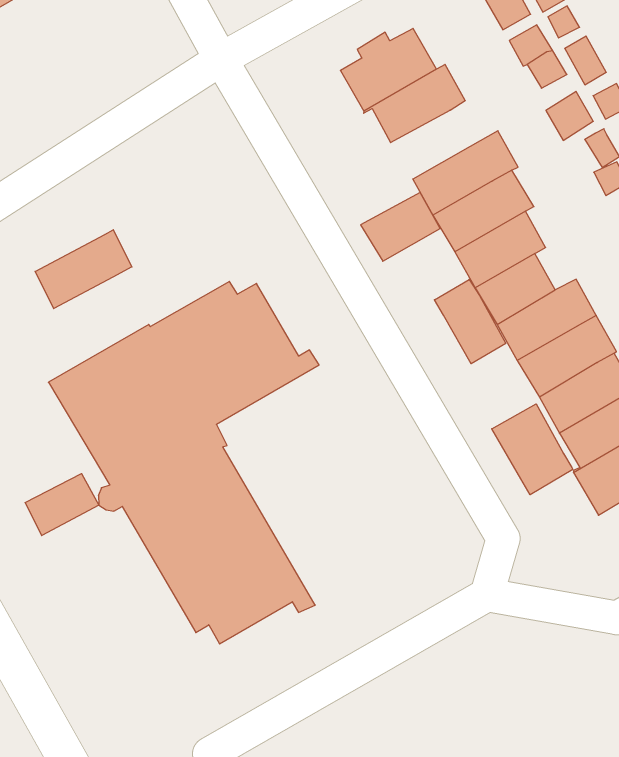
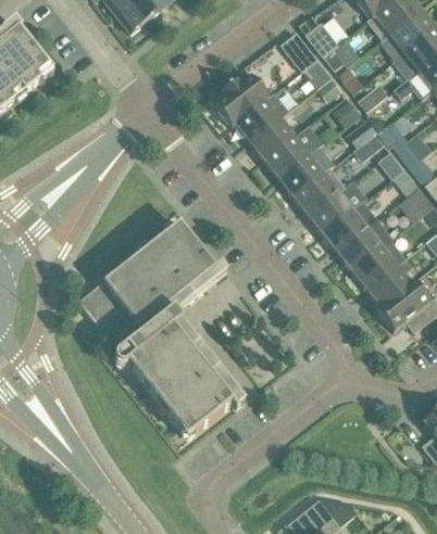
building: [361,192,440,261] -> [248,117,292,158]
building: [35,230,132,309] -> none
building: [434,279,506,364] -> none
building: [492,404,573,495] -> none
building: [25,474,99,536] -> none

